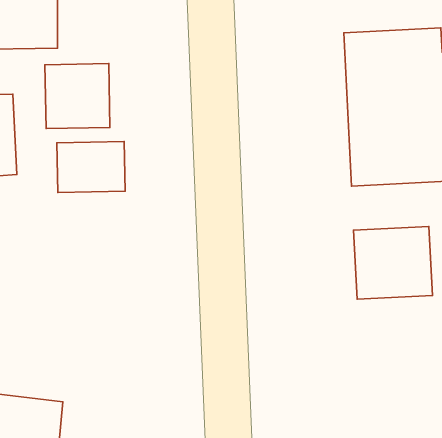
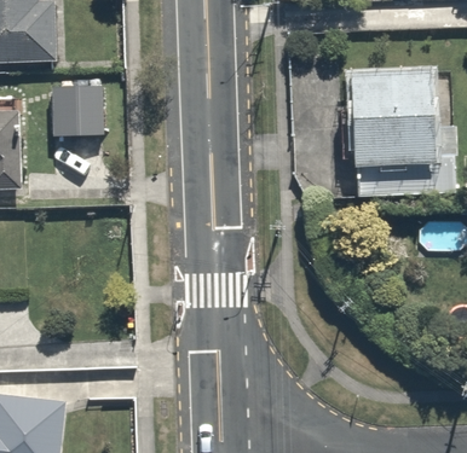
building: [57,142,125,192] -> none
building: [354,226,433,299] -> none

